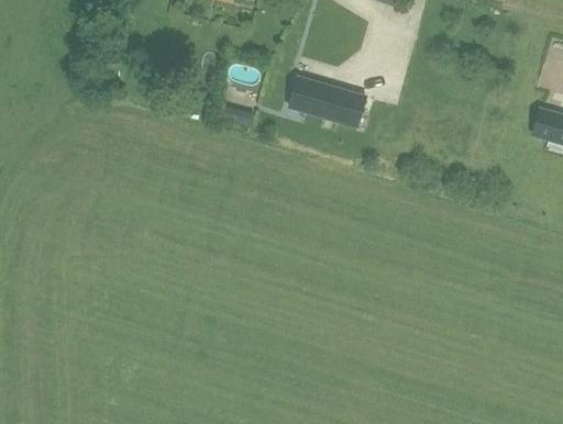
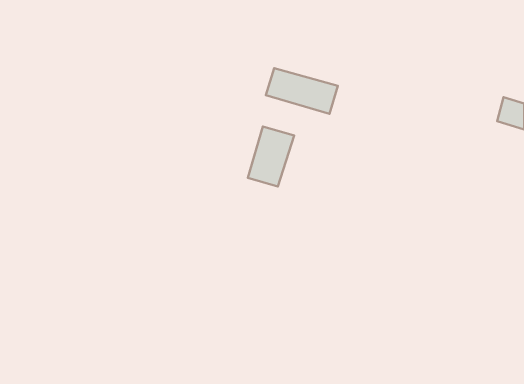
building: none -> [248,126,294,187]

